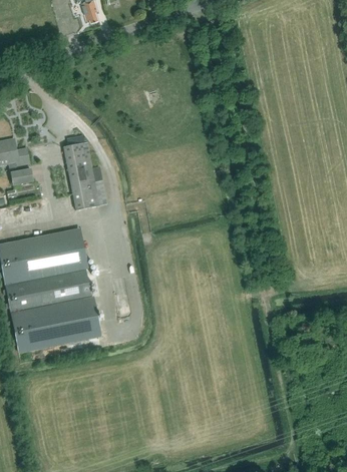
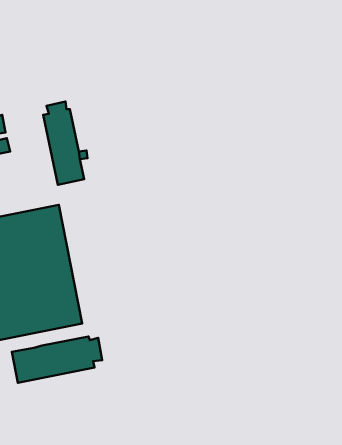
building: none -> [12,337,102,383]

